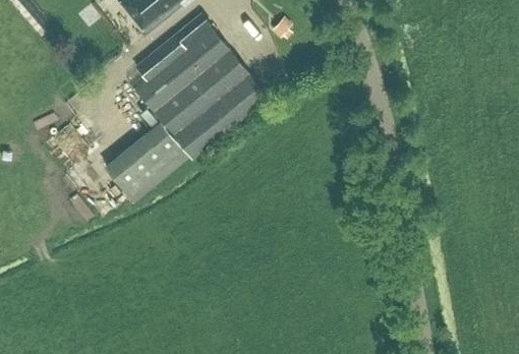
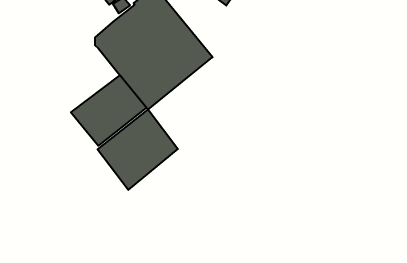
building: none -> [98,110,178,190]

